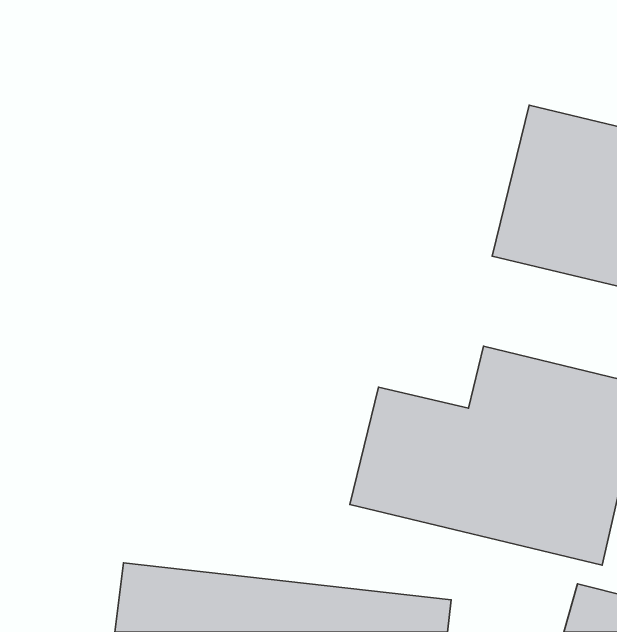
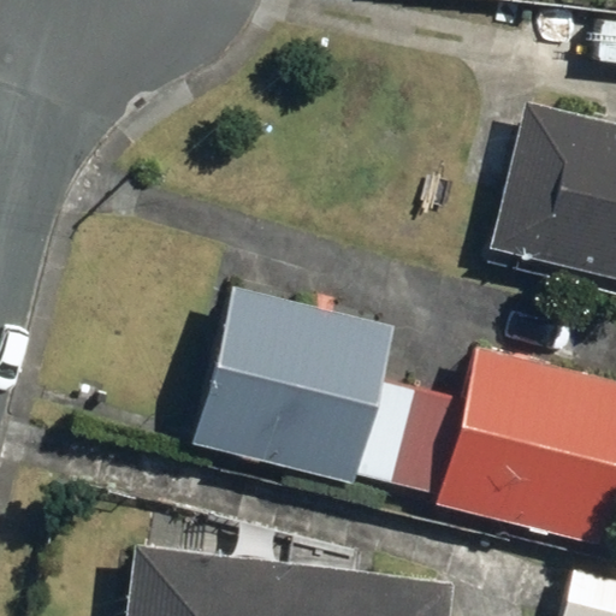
building: none -> [189,286,395,491]

